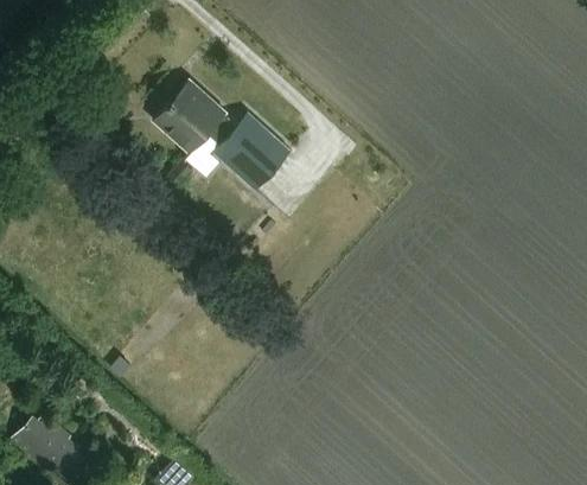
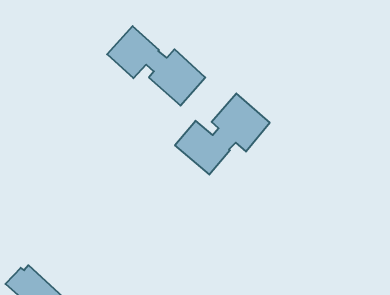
building: none -> [175,93,270,175]

